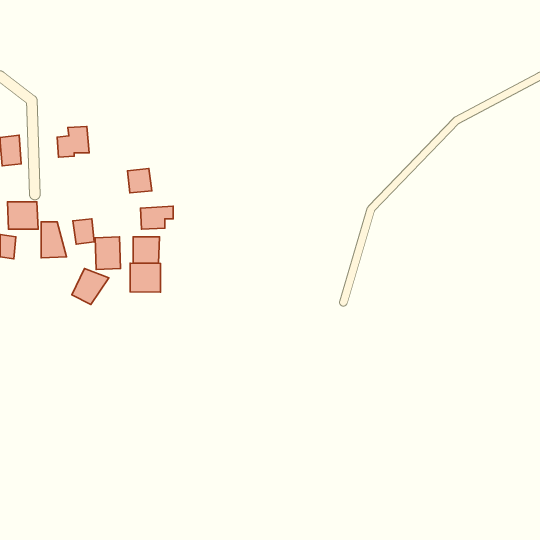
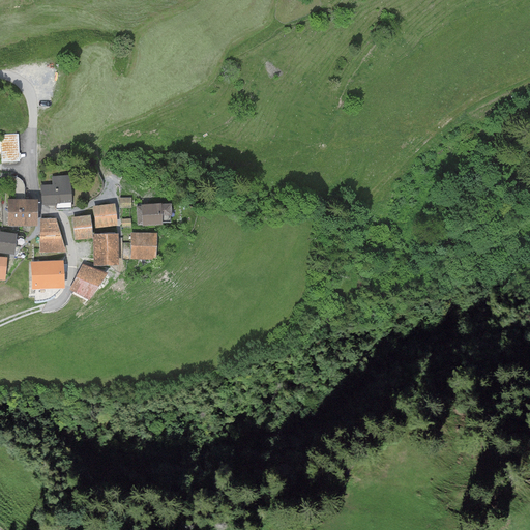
building: [57,126,89,157] -> [40,175,71,205]
building: [128,169,152,193] -> [93,203,117,227]
building: [130,263,160,292] -> none
building: none -> [31,259,64,288]

